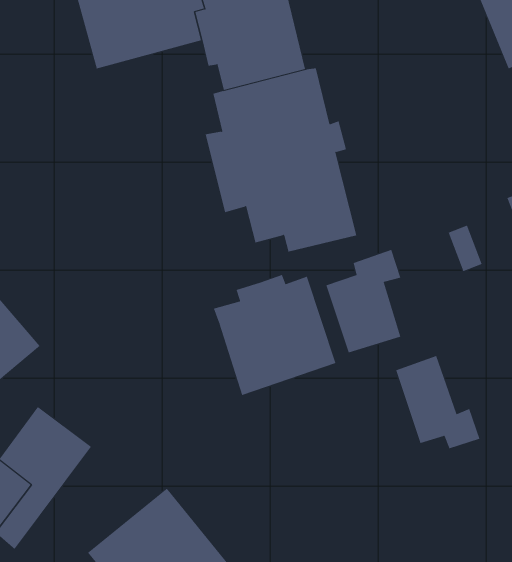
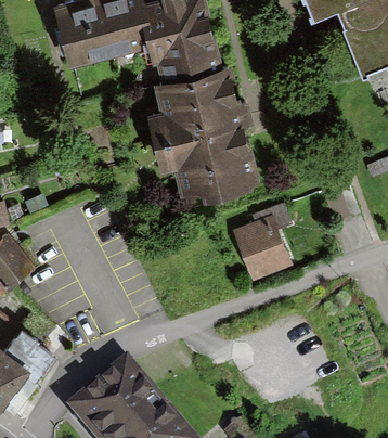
building: [213,274,336,396] -> none
building: [395,355,480,449] -> none

